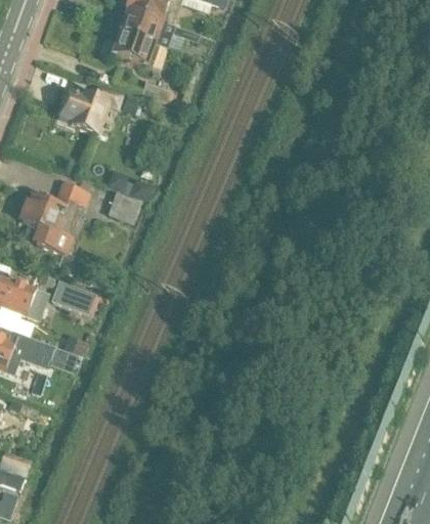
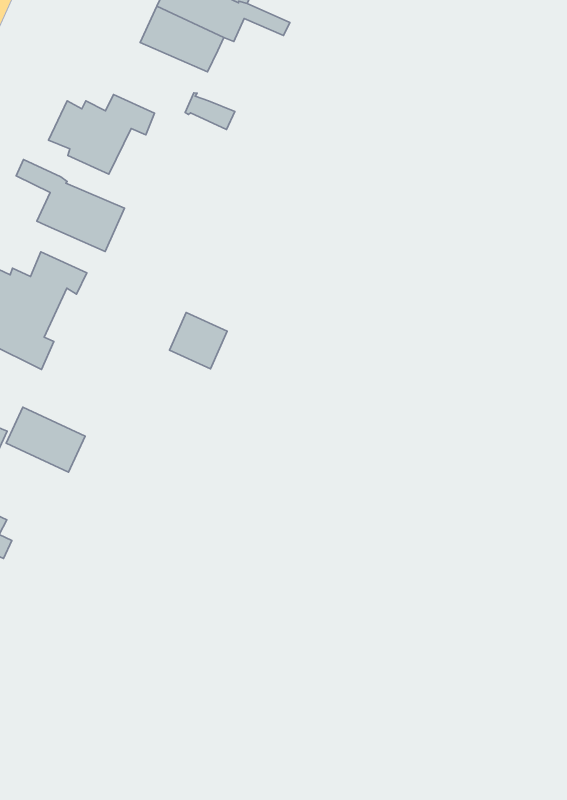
building: none -> [16,159,125,252]
building: [106,190,140,223] -> [170,312,227,369]

